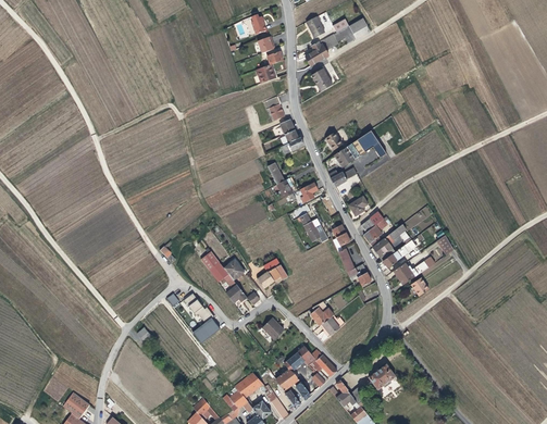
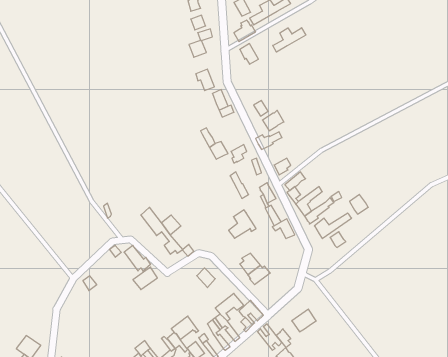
building: none -> [273,28,306,52]
building: [352,132,388,159] -> none
building: [258,257,288,288] -> [229,210,256,238]

